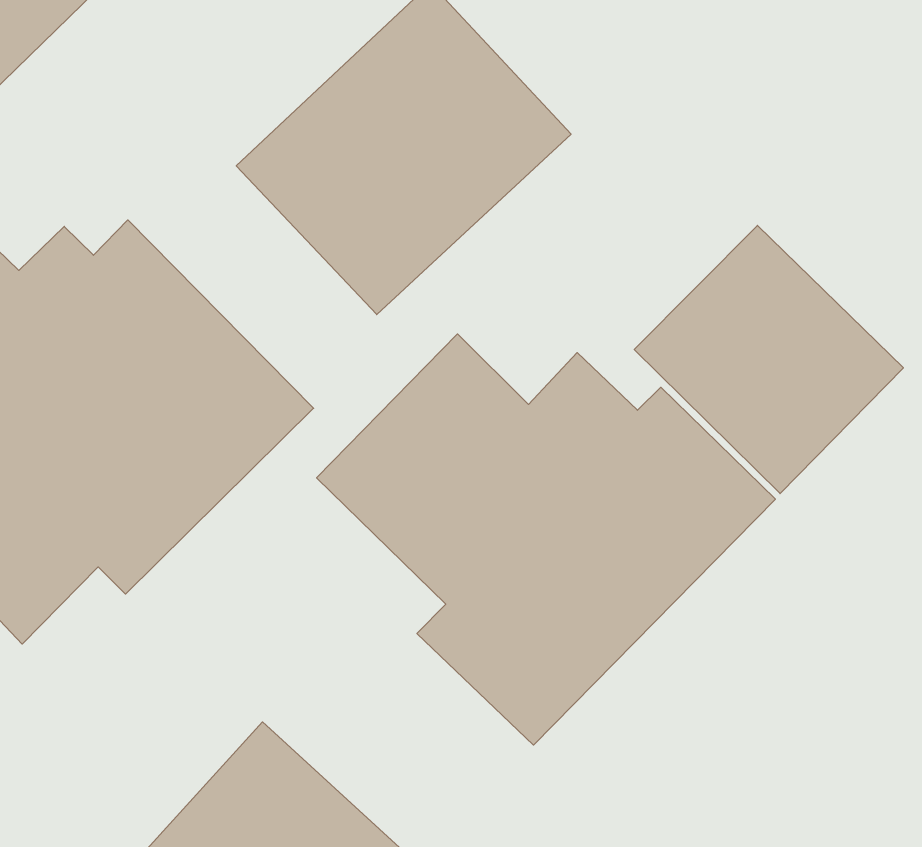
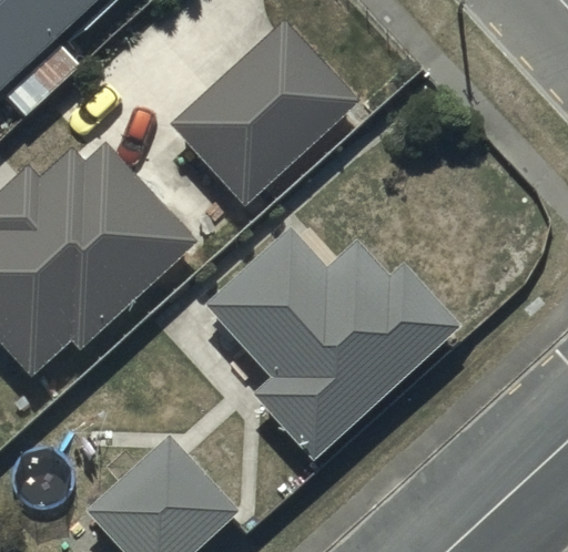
building: [634,225,903,494] -> none

